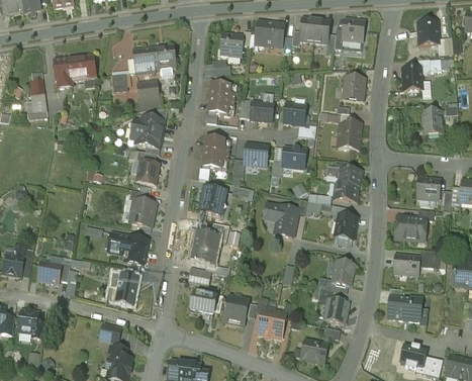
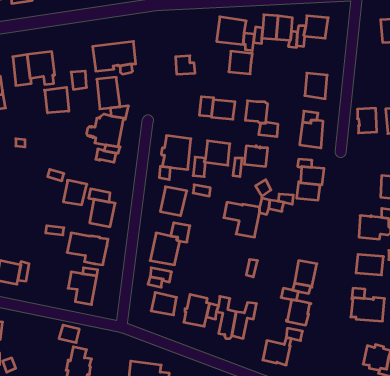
building: [220,34,244,57] -> [229,51,252,74]
building: [401,67,420,91] -> [357,108,377,133]
building: [206,84,235,116] -> none
building: none -> [44,87,69,113]
building: [135,161,159,185] -> [63,180,87,205]
building: [334,214,356,241] -> none

